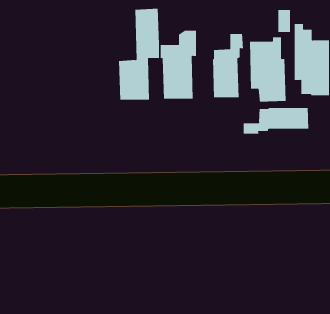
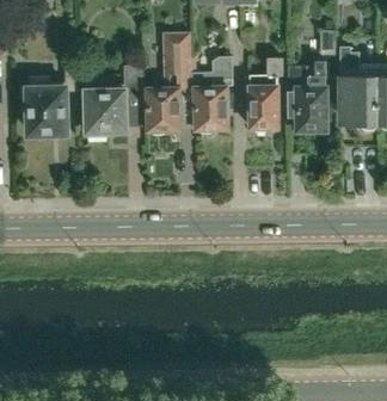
building: none -> [26,64,76,135]
building: none -> [84,67,141,132]
building: [243,107,309,135] -> none

